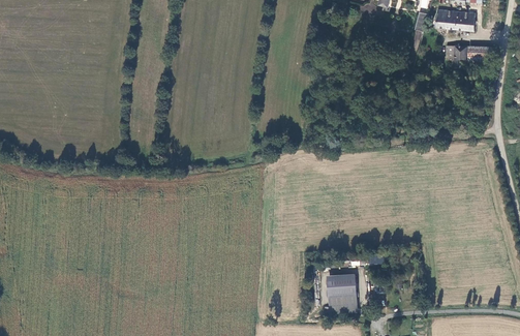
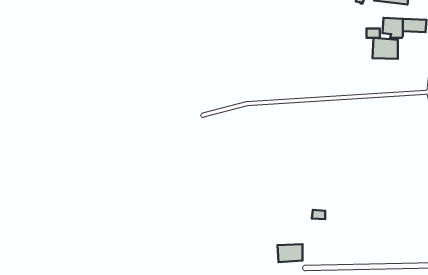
building: none -> [372,38,398,59]
building: [329,274,357,291] -> none

